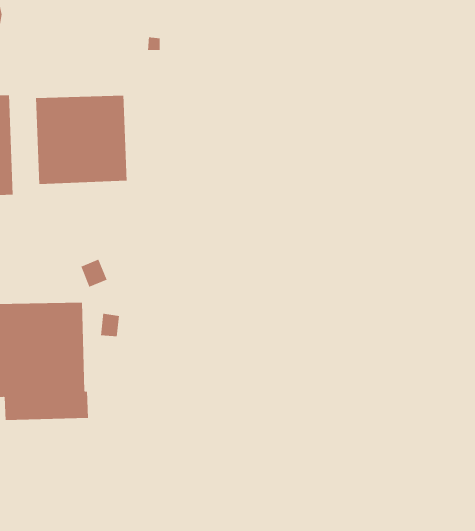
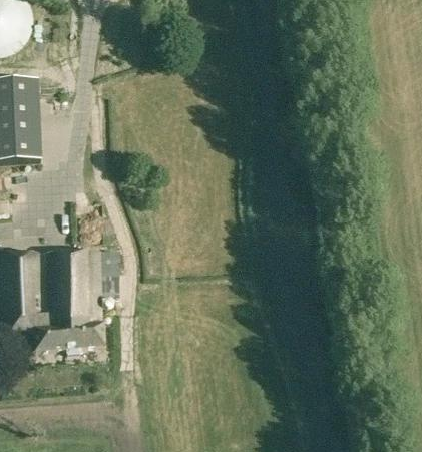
building: [35,95,127,185] -> none

